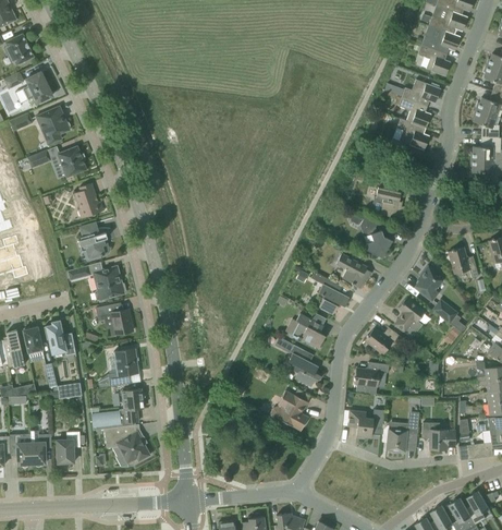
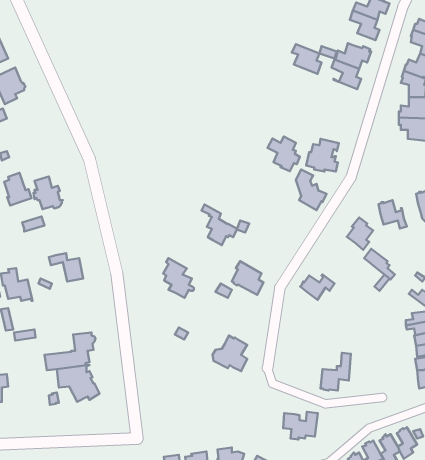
building: [395,119,427,150] -> [292,44,321,74]
building: [57,146,86,177] -> none
building: [74,183,103,218] -> [4,173,32,205]
building: [335,251,370,288] -> [267,137,300,171]
building: [93,266,124,300] -> none
building: [310,272,348,315] -> [202,204,237,245]
building: [393,298,425,338] -> none
building: [287,345,320,387] -> [163,258,194,298]
building: [108,348,138,386] -> none
building: [353,362,388,395] -> none
building: [347,409,384,438] -> [283,412,318,439]
building: [420,422,455,450] -> none
building: [57,432,79,463] -> none

